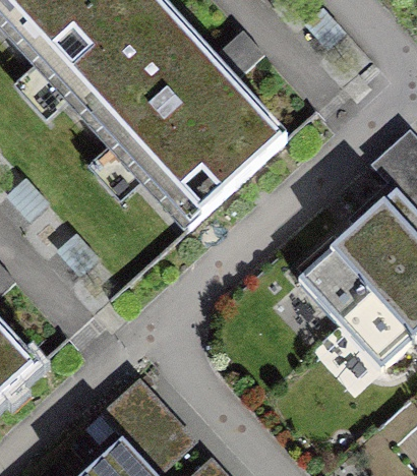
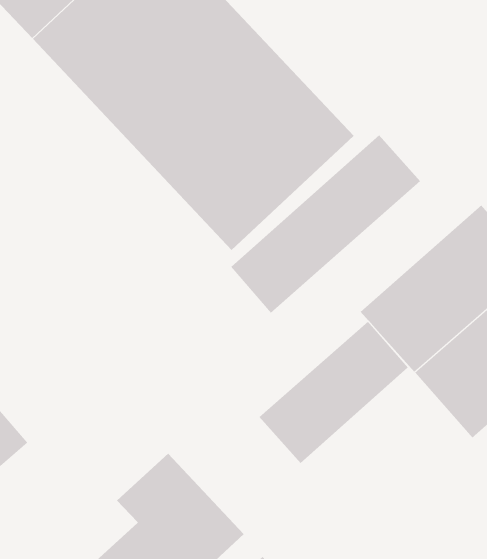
building: none -> [231,135,421,313]
building: none -> [259,321,409,464]

